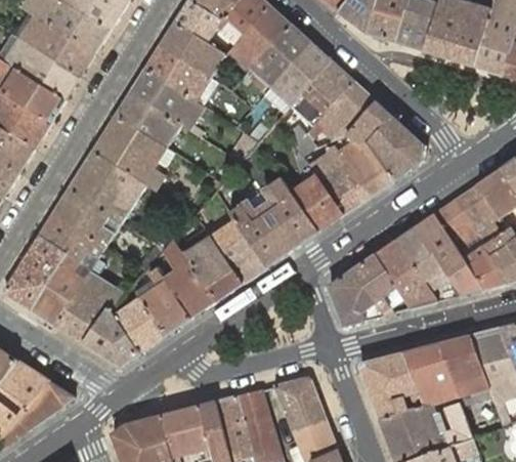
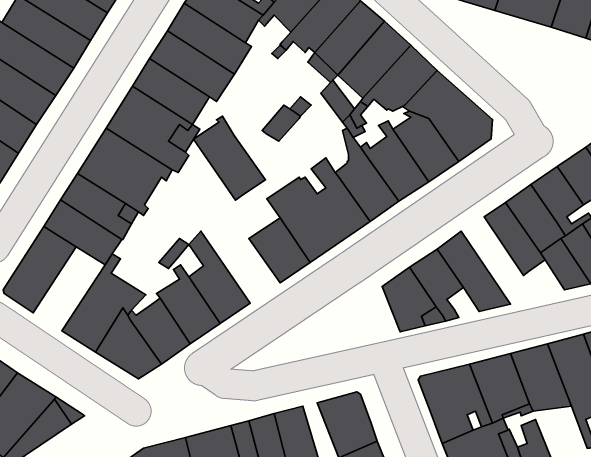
building: [395,227,461,302] -> none
building: [179,229,241,301] -> [194,116,266,200]
building: [30,253,91,325] -> none

